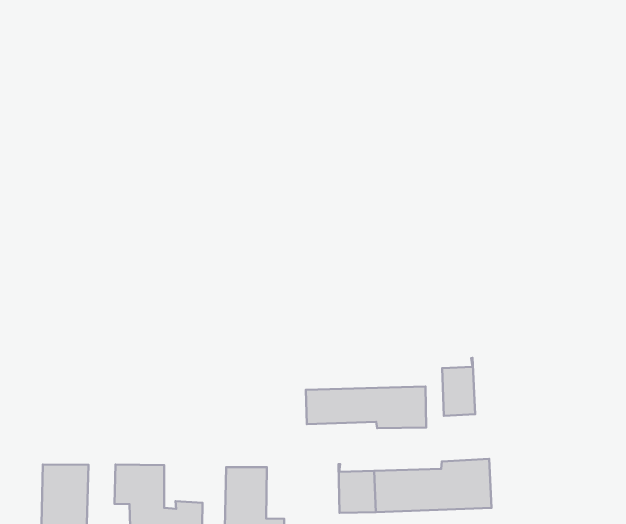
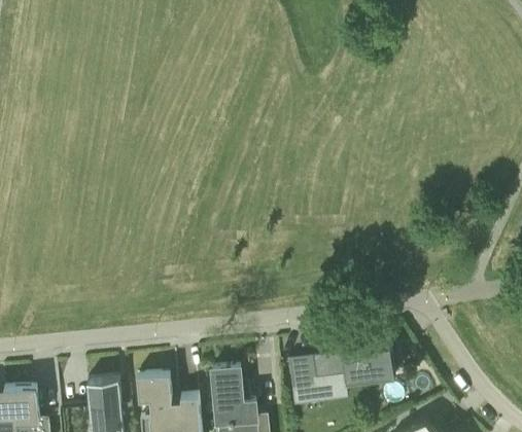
building: [442,358,475,416] -> none
building: [306,386,426,428] -> none

